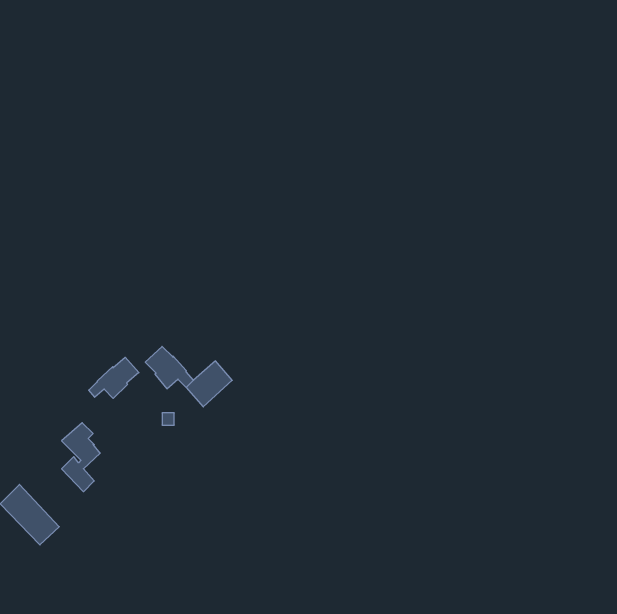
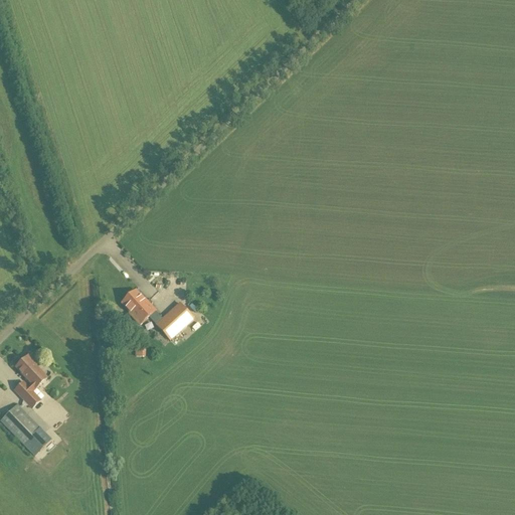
building: [89,357,139,398] -> none
building: [62,423,100,492] -> [13,350,45,407]

